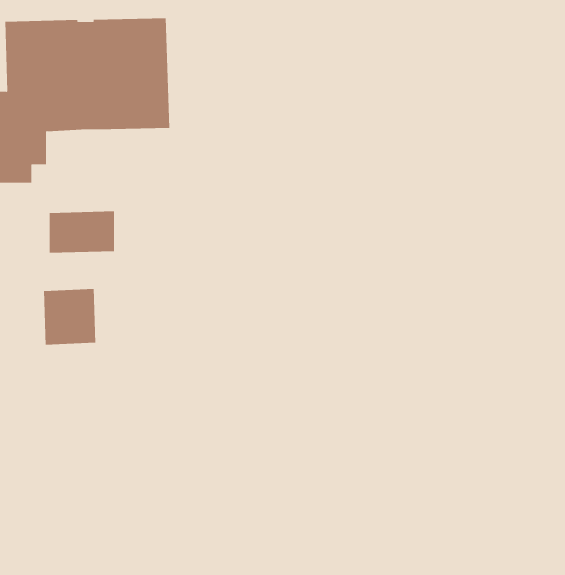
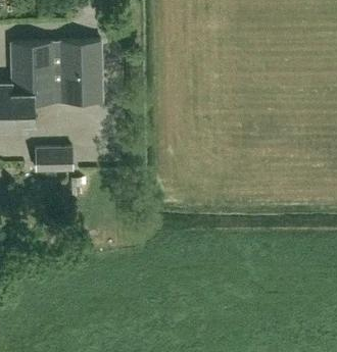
building: [44,288,96,346] -> none

